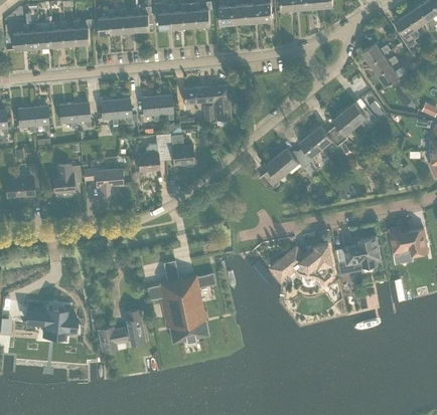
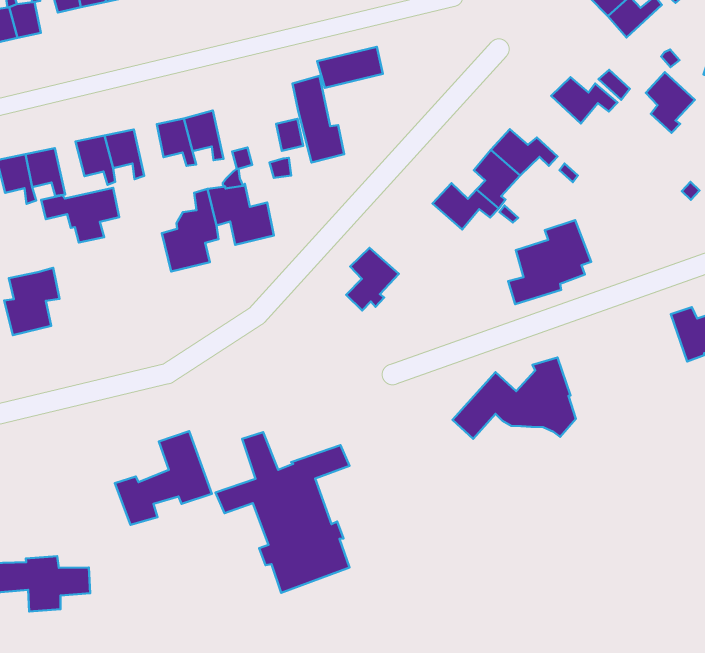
building: [182,86,214,103] -> [317,47,383,88]
building: [332,111,356,142] -> [646,72,695,133]
building: [261,157,289,188] -> [346,248,399,311]
building: [84,169,122,194] -> [41,188,119,242]
building: [337,236,381,274] -> [508,220,591,304]
building: [98,308,146,352] -> [115,431,212,525]

